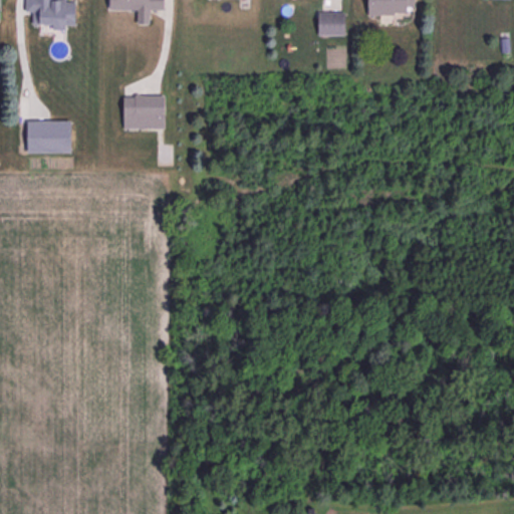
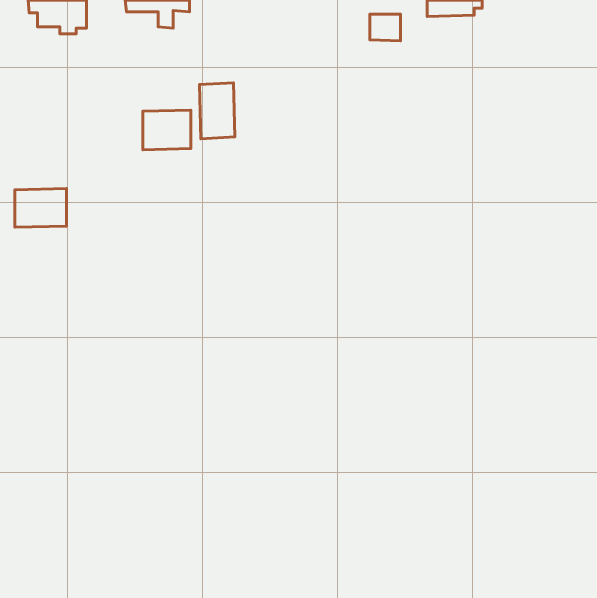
building: none -> [200,83,235,139]
building: [27,119,71,153] -> [15,189,66,227]

